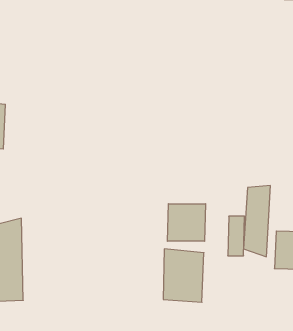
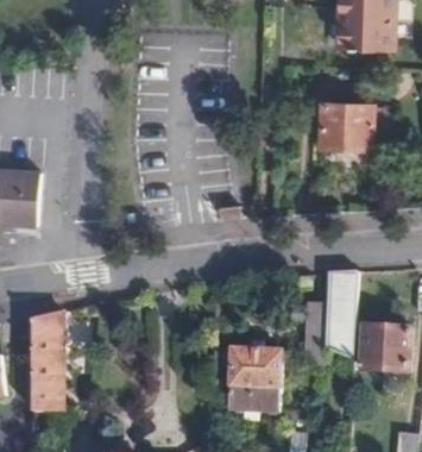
building: none -> [320,102,371,147]
building: [167,204,206,241] -> none

